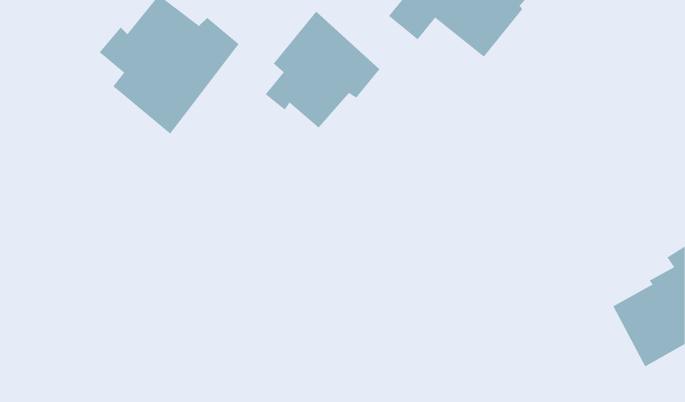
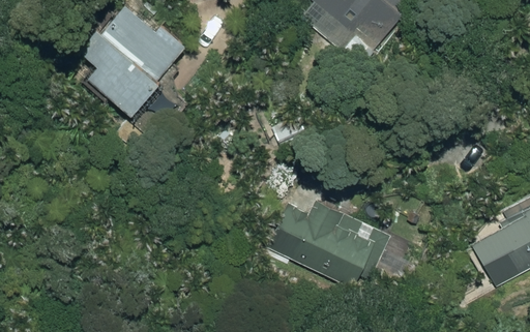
building: [265,11,380,128] -> none
building: none -> [266,195,391,290]

